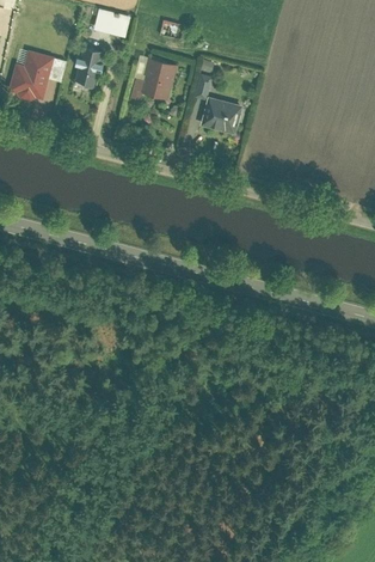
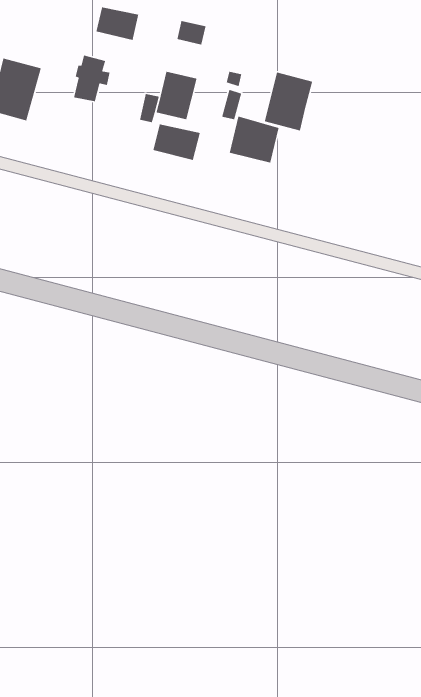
building: none -> [264,71,313,132]
building: none -> [152,123,201,161]

